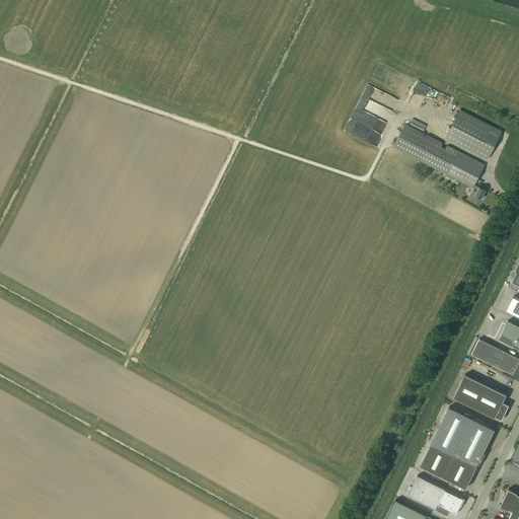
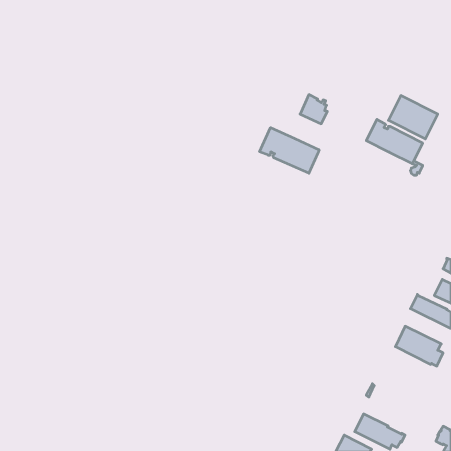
building: [393,124,433,162] -> none
building: none -> [260,128,319,173]
building: [421,407,495,489] -> none

